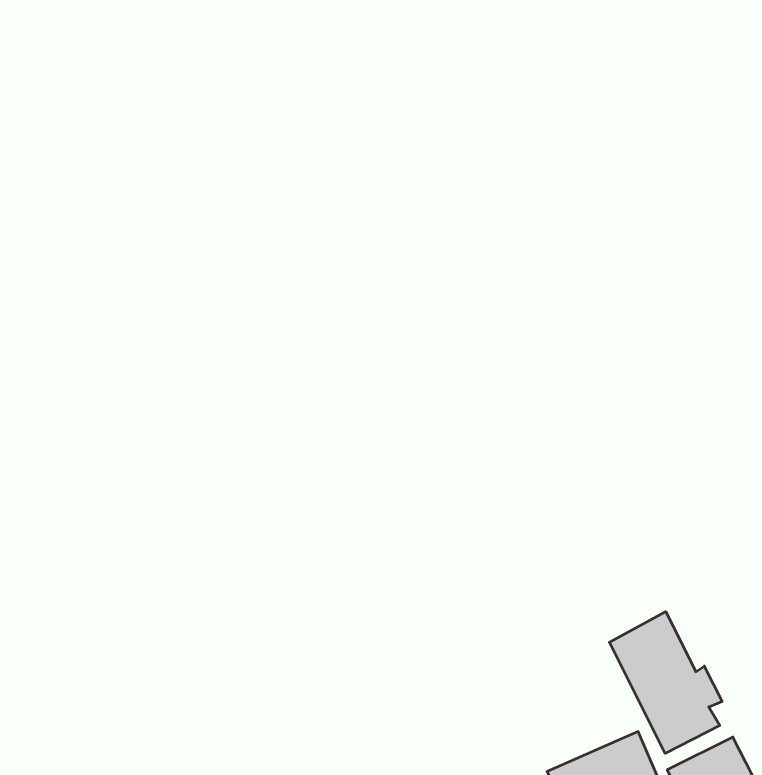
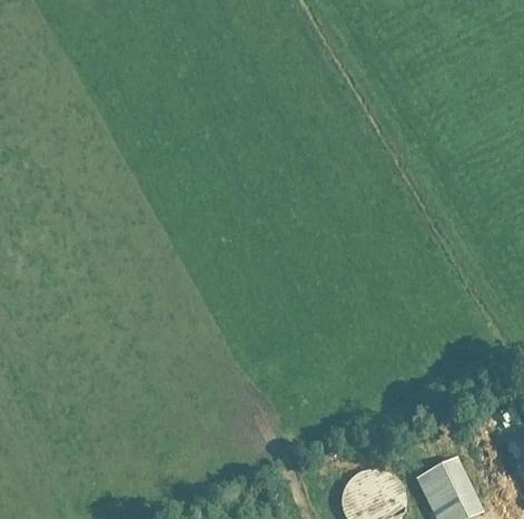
building: [609,612,722,753] -> none

